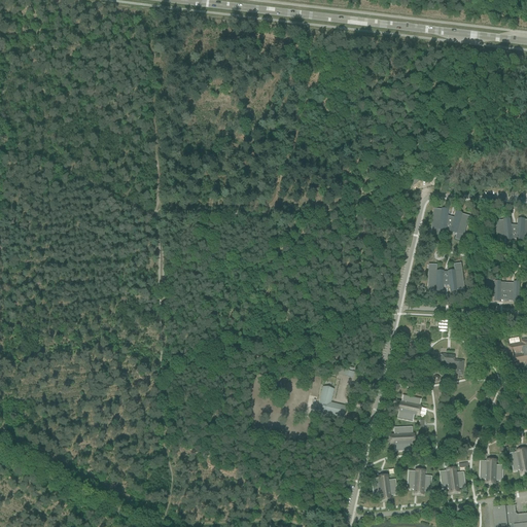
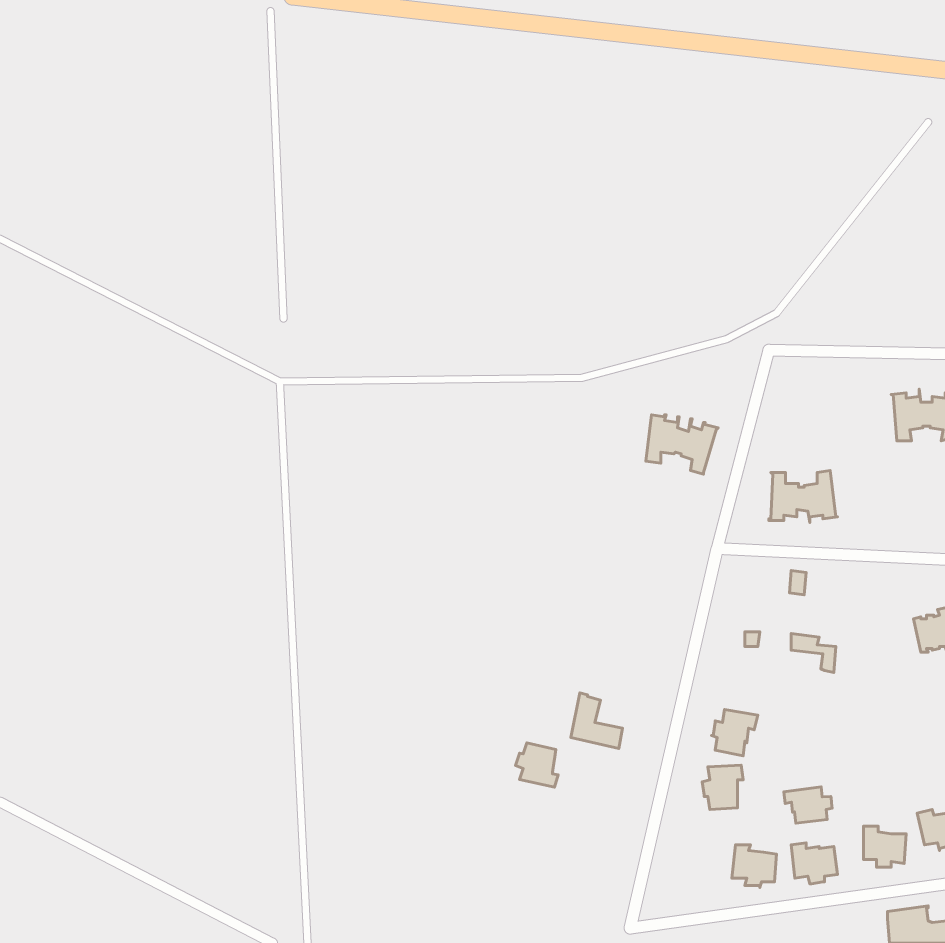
building: [431,207,471,240] -> [646,415,718,474]
building: [495,279,521,301] -> none
building: none -> [516,743,558,787]
building: none -> [784,787,832,823]
building: [373,476,398,498] -> none

